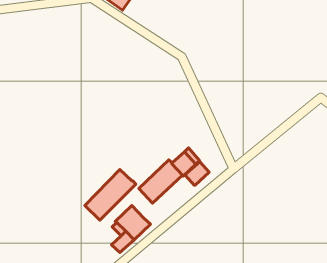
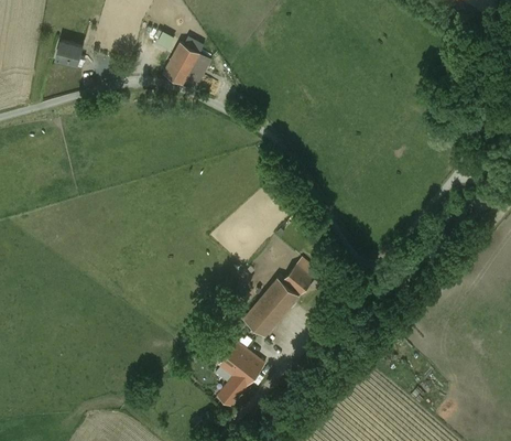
building: [185,162,209,185] -> none
building: [85,169,136,220] -> none

